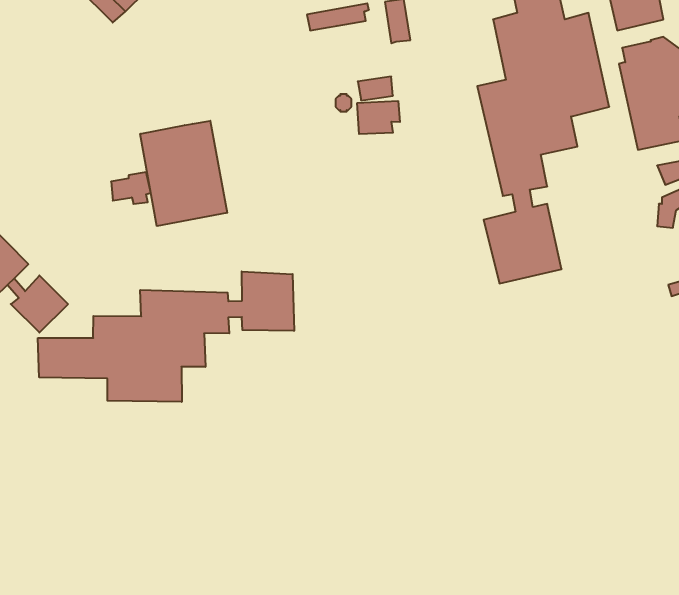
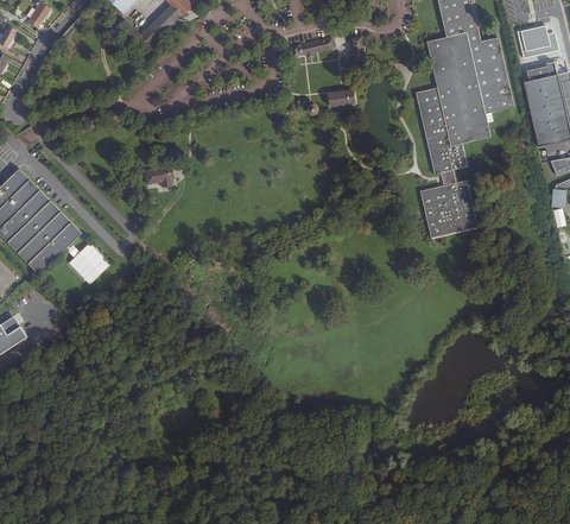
building: [357,101,400,134] -> none
building: [140,121,227,226] -> none
building: [38,271,294,402] -> none

